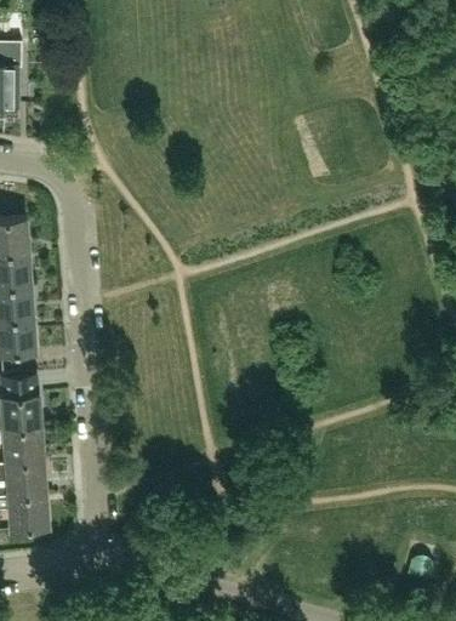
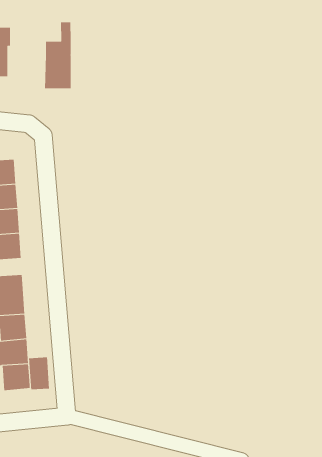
building: none -> [45,21,71,89]
building: none -> [28,357,49,390]

